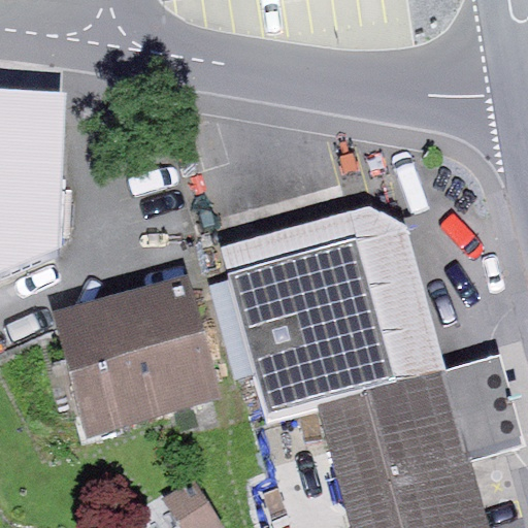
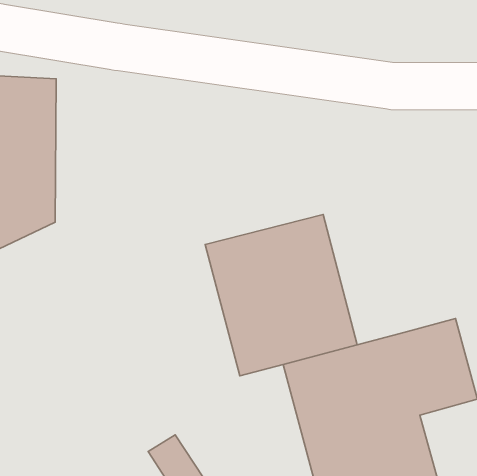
building: [221,209,444,383] -> none
building: [53,276,221,434] -> none

